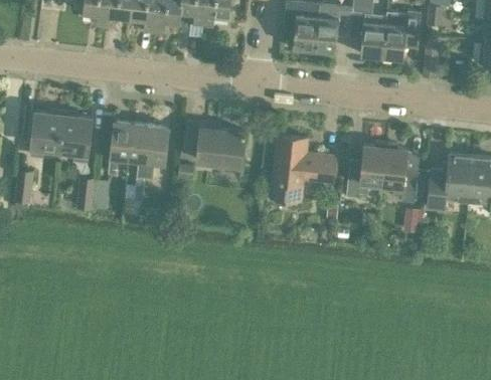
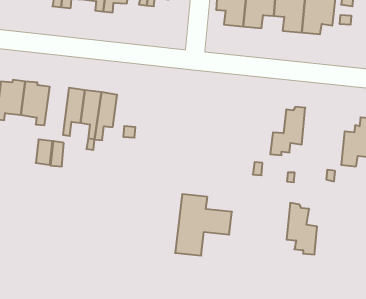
building: [185,123,245,167] -> none
building: [271,136,336,206] -> [175,194,232,256]
building: [382,143,418,202] -> [287,203,317,254]

